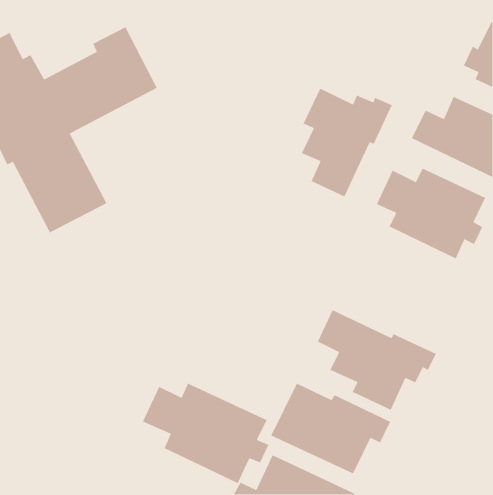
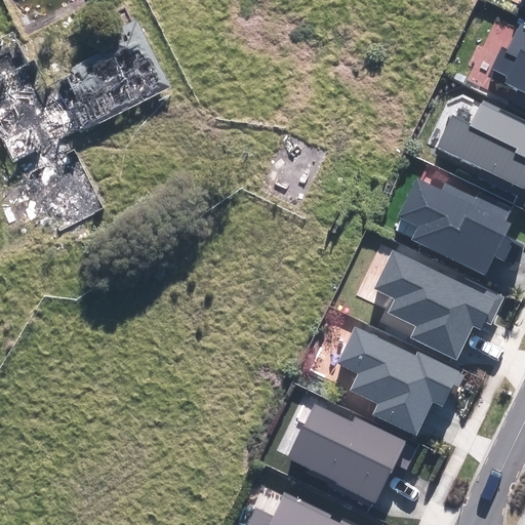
building: [301,88,393,198] -> none
building: none -> [371,249,502,358]
building: [142,383,270,484] -> none

